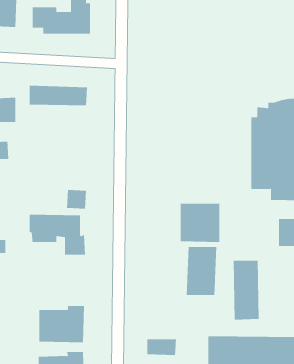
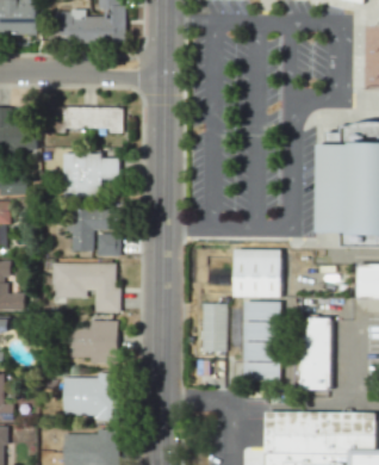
building: none -> [63,153,119,196]
building: none -> [64,207,118,250]
building: none -> [203,303,226,349]
building: none -> [68,320,118,362]
building: [146,339,177,355] -> [243,361,280,382]

